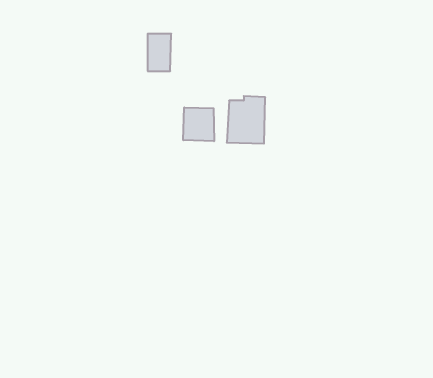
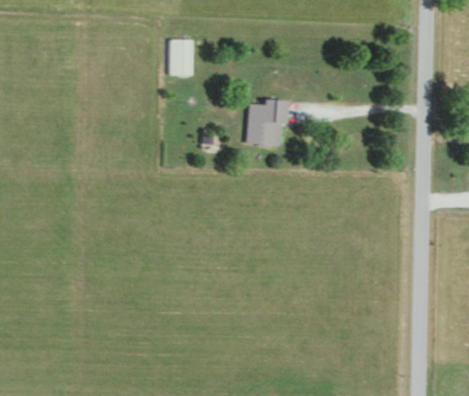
building: [183,107,214,141] -> none

